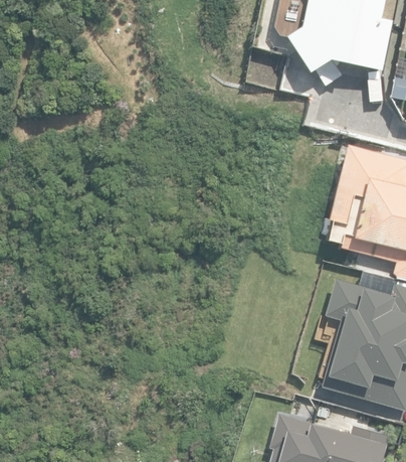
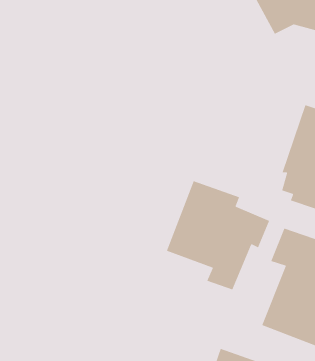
building: none -> [166,180,270,291]

